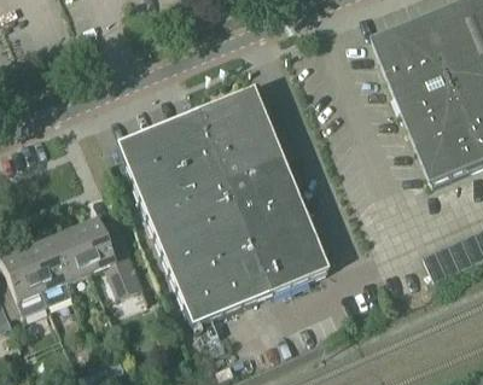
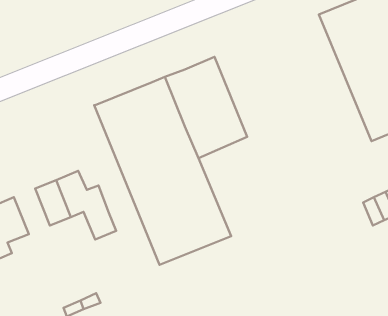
building: [235,177,328,291] -> none
building: [24,237,71,303] -> none

